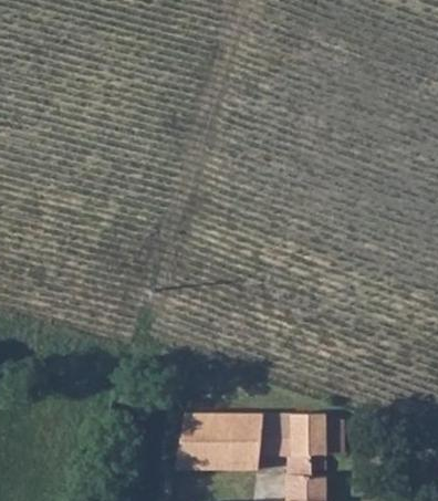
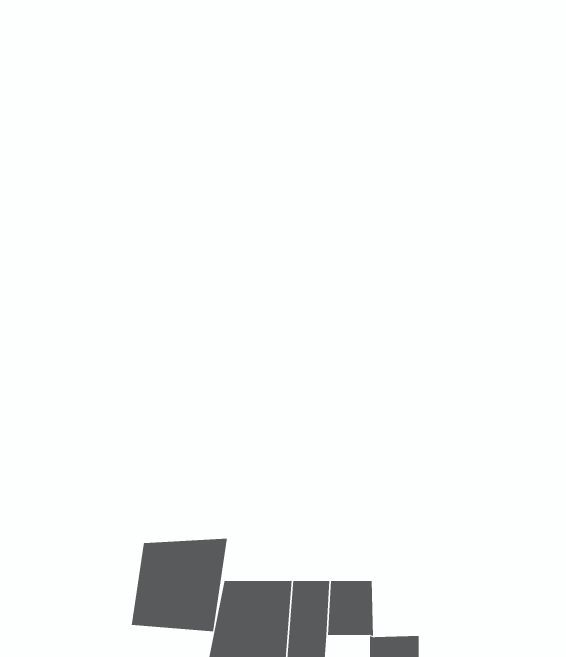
building: none -> [131,538,228,632]
building: [291,413,325,453] -> none

